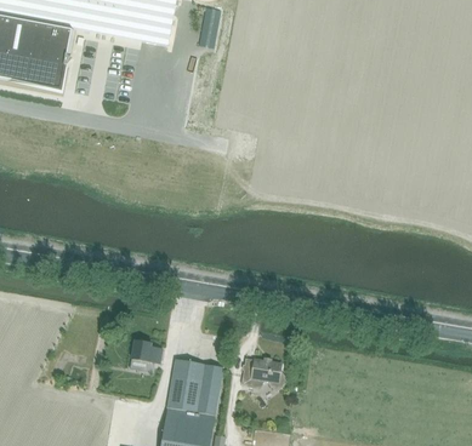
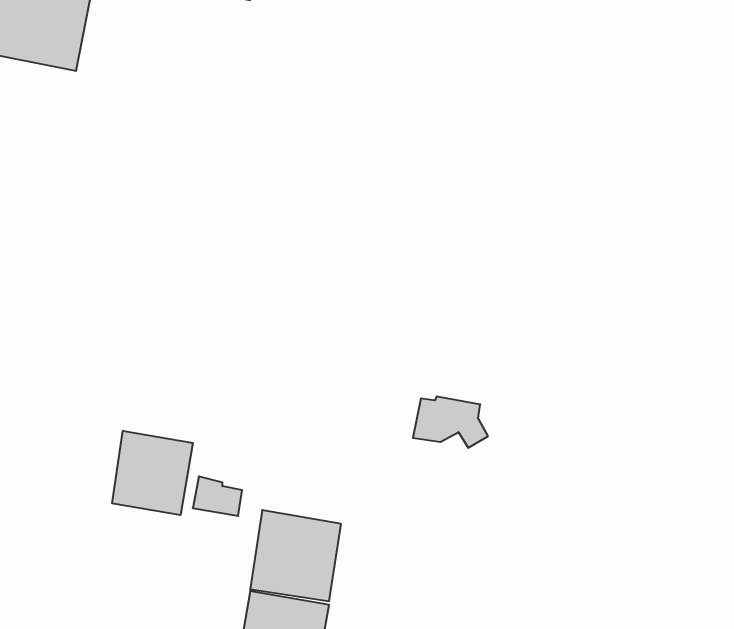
building: none -> [112,431,193,515]
building: [241,358,288,389] -> [413,396,488,448]

